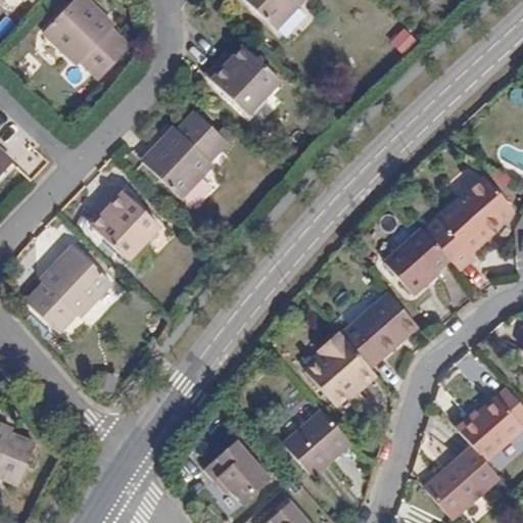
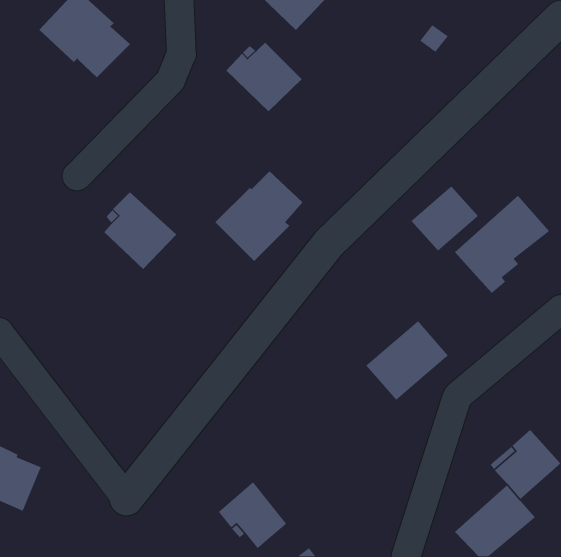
building: [150,101,233,186] -> [215,171,304,262]
building: [384,234,447,295] -> [411,185,479,251]
building: [30,236,117,326] -> none
building: [306,337,373,409] -> none
building: [286,417,351,483] -> none

